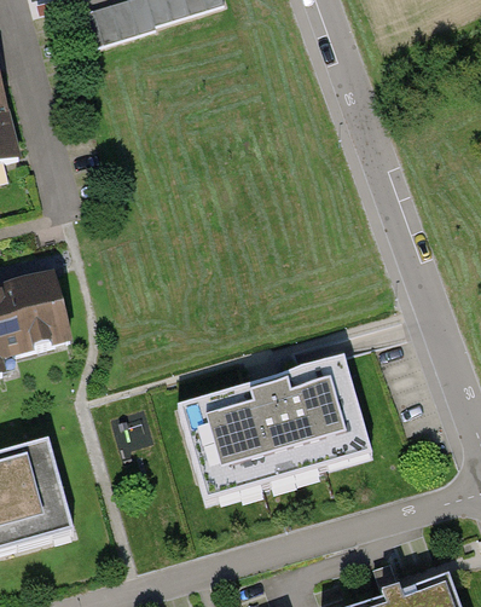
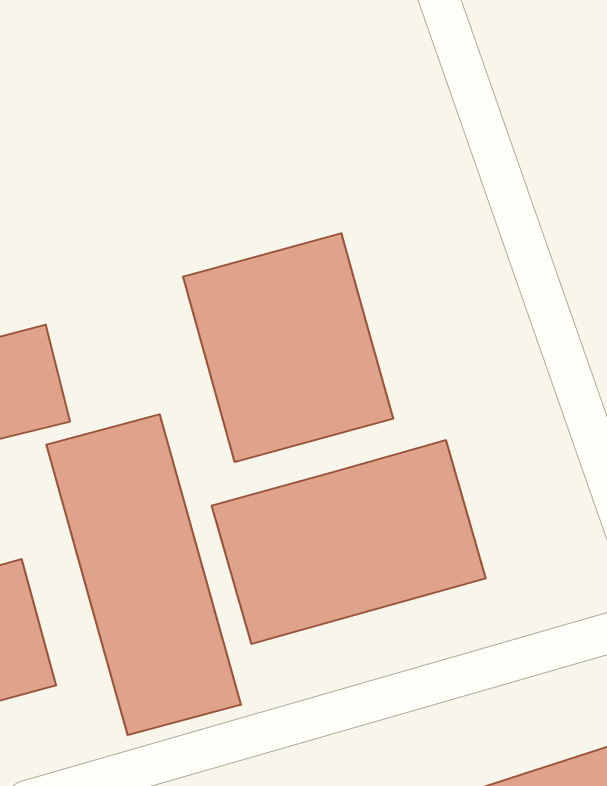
building: none -> [183,233,393,462]
building: none -> [46,414,241,735]

